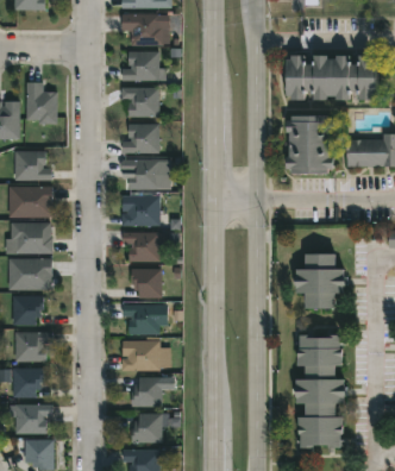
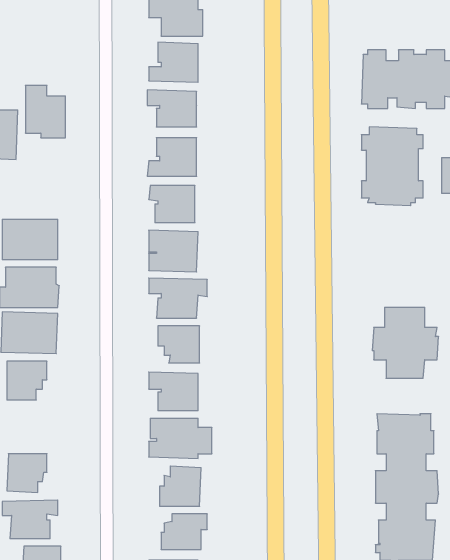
building: [15,151,52,181] -> none
building: [14,332,52,363] -> none

